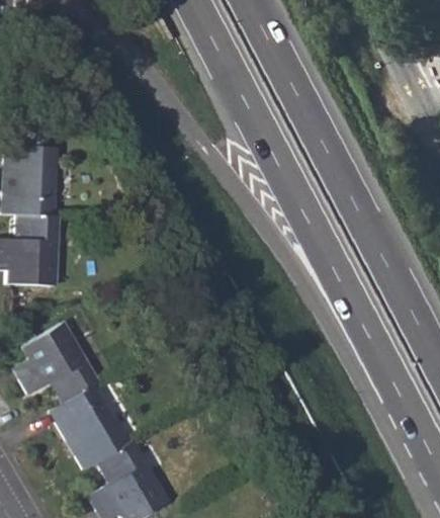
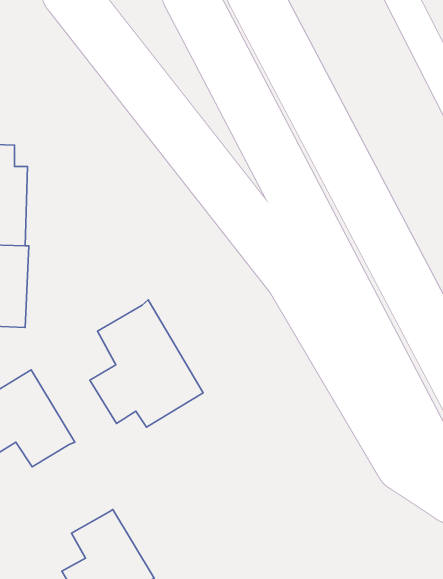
building: none -> [90,300,203,427]
building: [50,386,127,470] -> none

